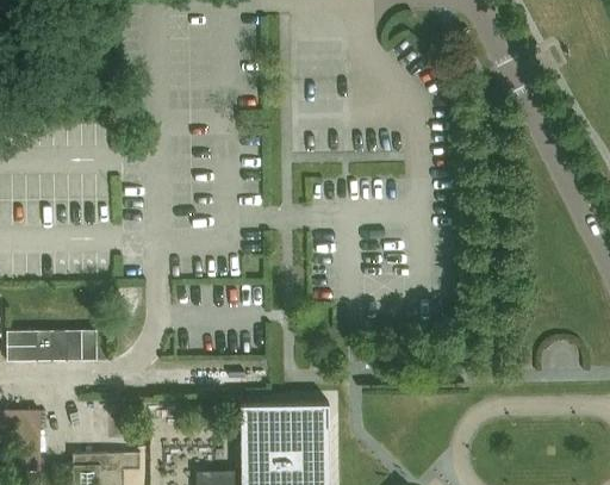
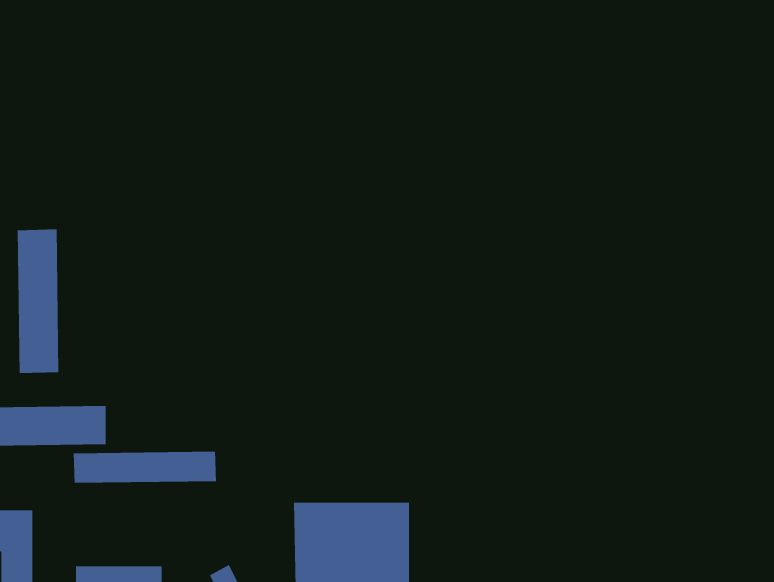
building: none -> [17,229,59,374]
building: none -> [73,451,217,484]

